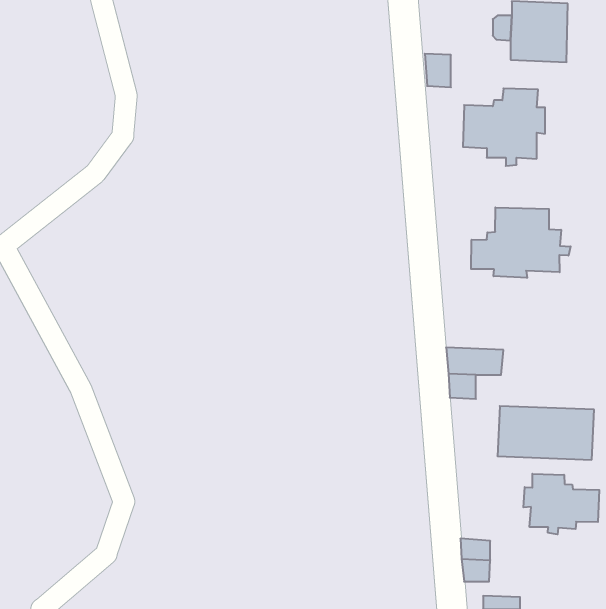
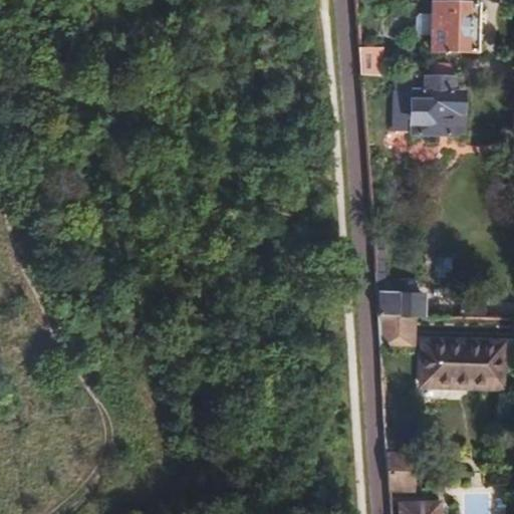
building: [471,207,571,278] -> none
building: [523,474,599,534] -> none

